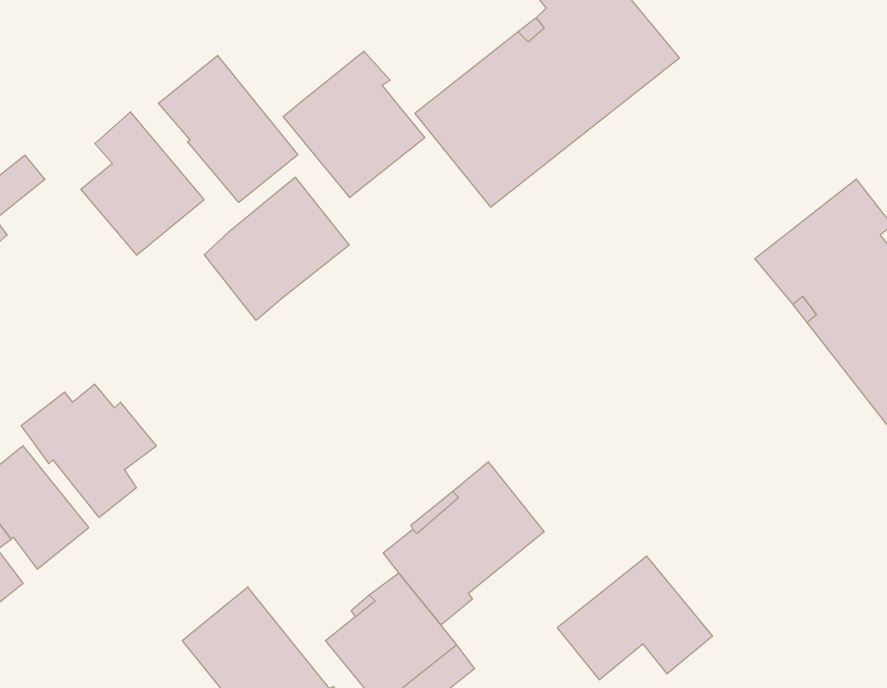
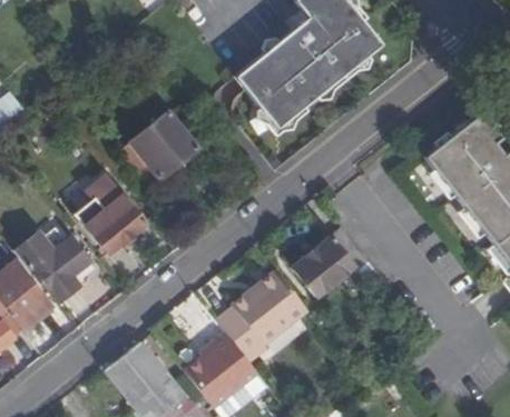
building: [283,51,425,198] -> none
building: [158,55,298,202] -> none
building: [81,112,204,255] -> [78,175,147,255]
building: [557,556,712,680] -> [292,227,379,296]

